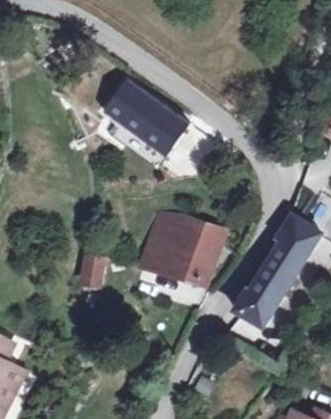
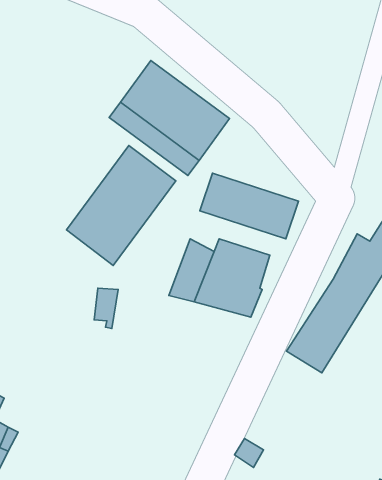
building: none -> [66,145,176,265]
building: none -> [200,173,299,239]

